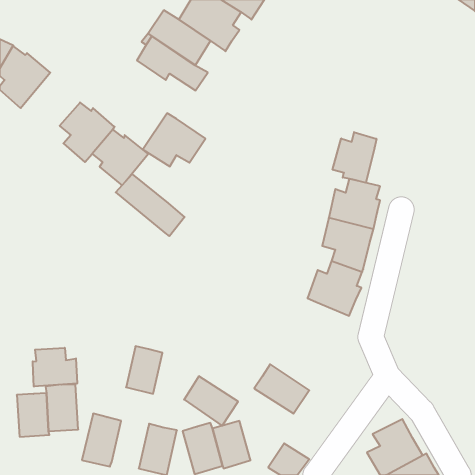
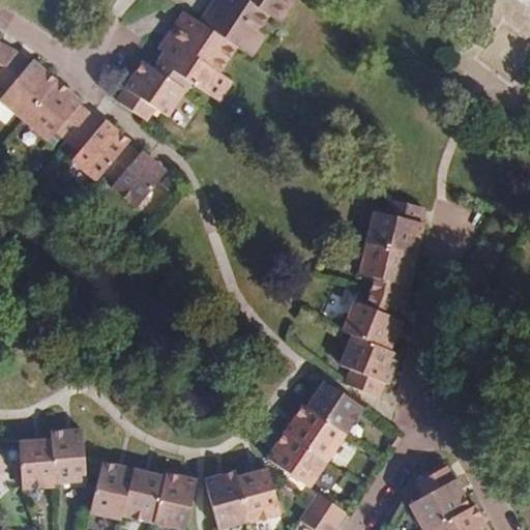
building: none -> [23,81,89,141]
building: [143,113,205,166] -> [115,61,184,120]
building: [333,132,376,183] -> none
building: [116,174,185,236] -> none
building: none -> [340,335,398,399]
building: none -> [300,380,362,434]
building: [126,346,162,394] -> [124,468,165,521]
building: [33,348,77,387] -> none
building: [184,376,238,426] -> [266,432,326,487]

